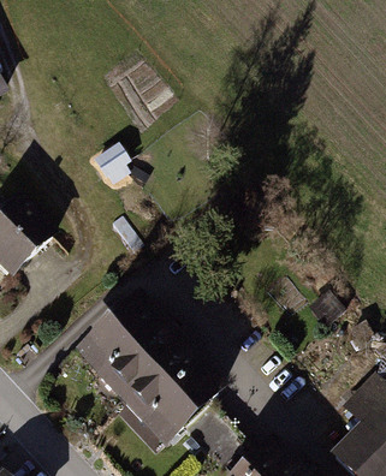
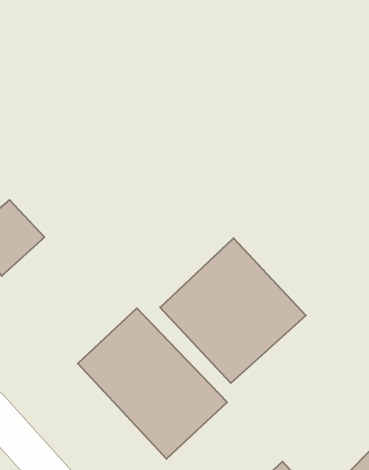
building: none -> [160,238,306,383]

